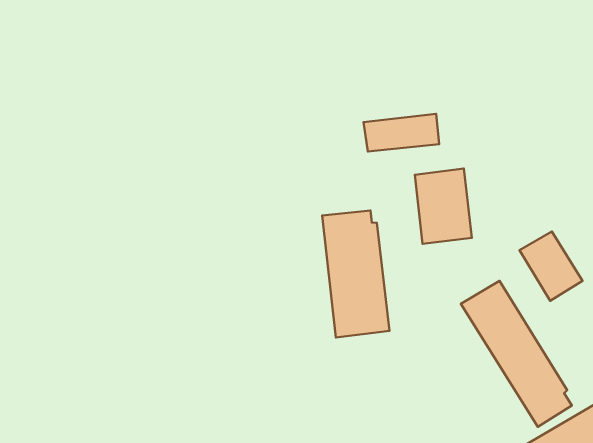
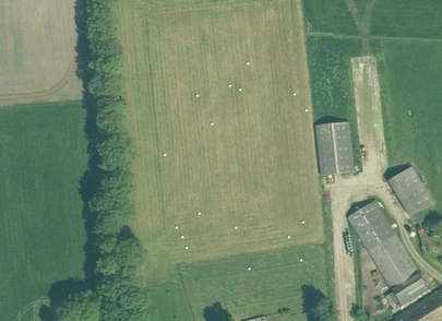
building: [363,114,439,152] -> none
building: [322,210,389,338] -> none

